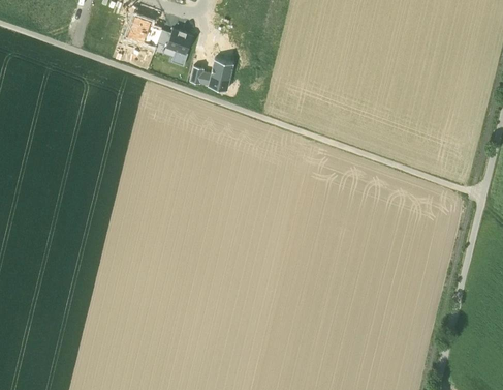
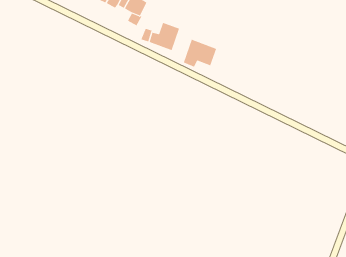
building: none -> [183,39,217,68]

